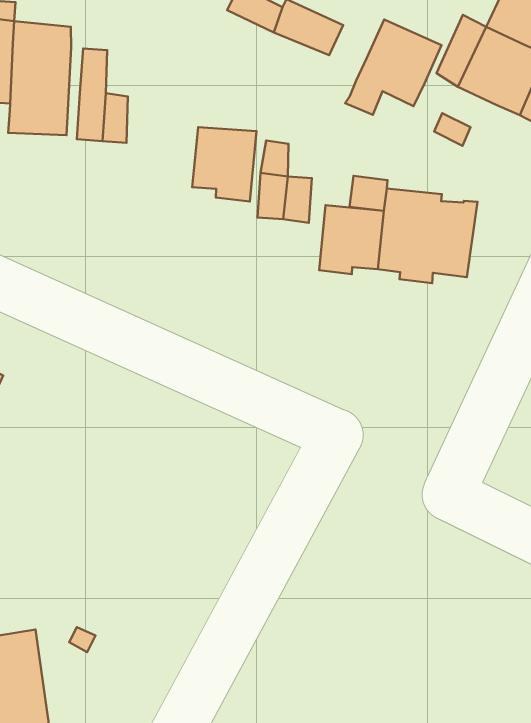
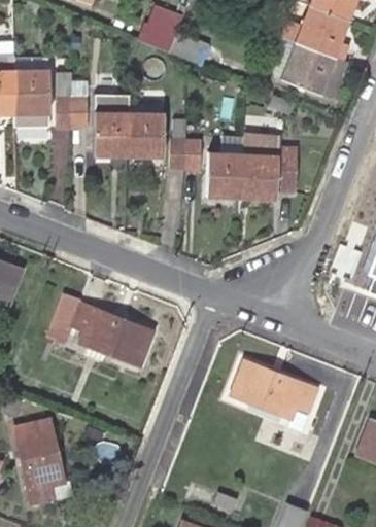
building: [345,20,441,115] -> none
building: none -> [95,95,128,154]
building: none -> [49,293,152,365]
building: none -> [232,361,316,418]

